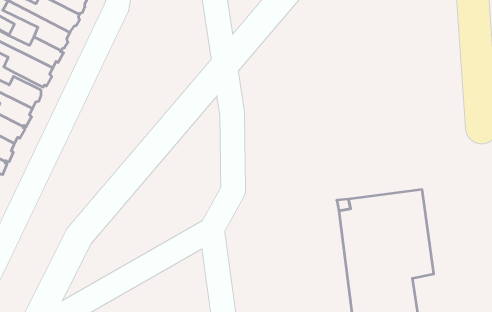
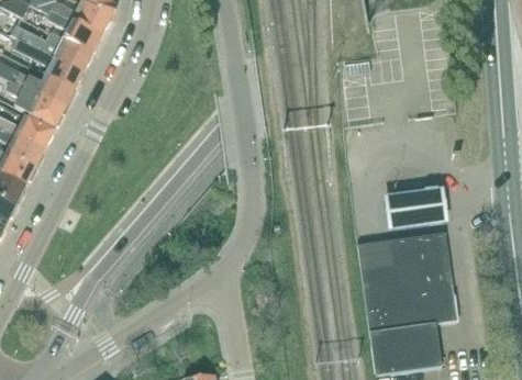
building: none -> [382,190,448,235]

